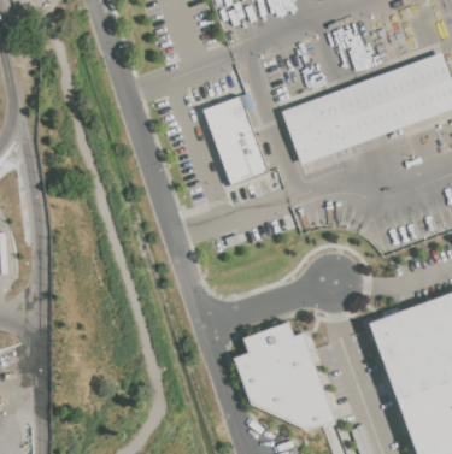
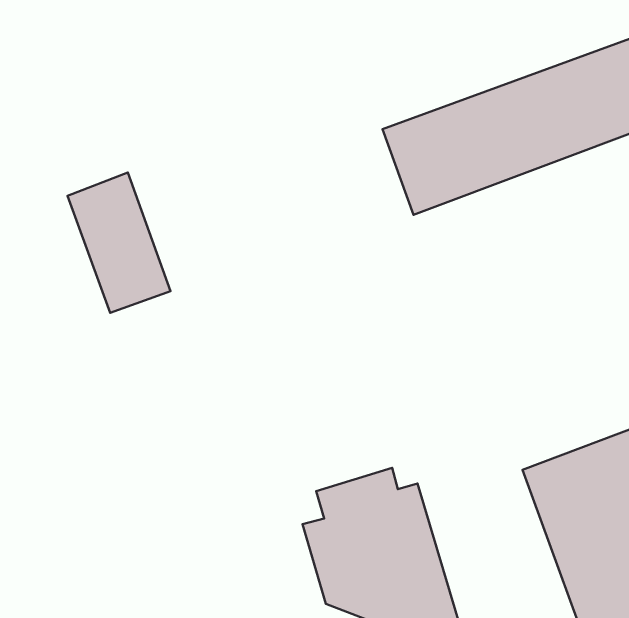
building: [202,96,266,183] -> [67,173,171,313]

